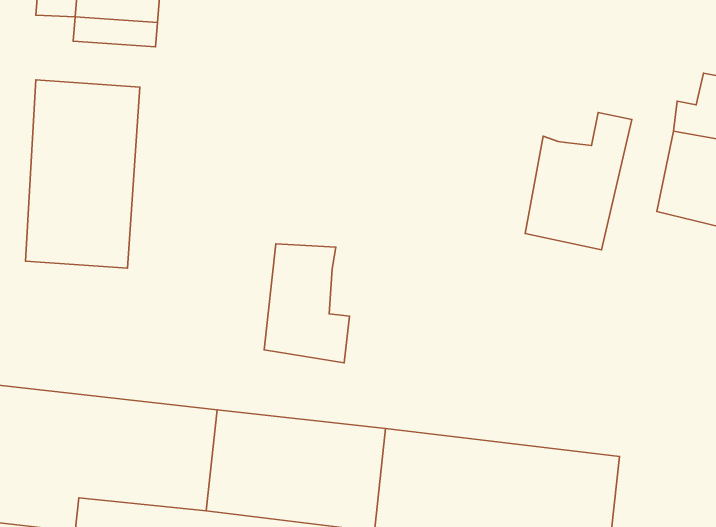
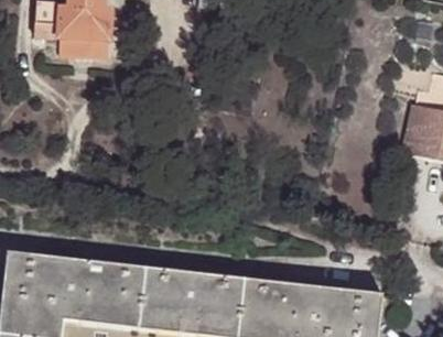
building: [25,80,140,268] -> none
building: [525,113,632,250] -> none
building: [264,244,349,363] -> none

